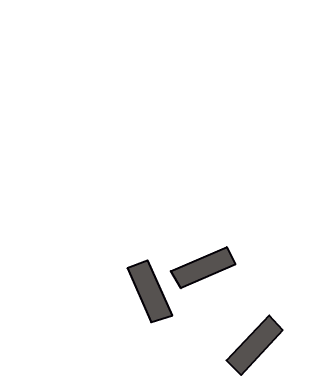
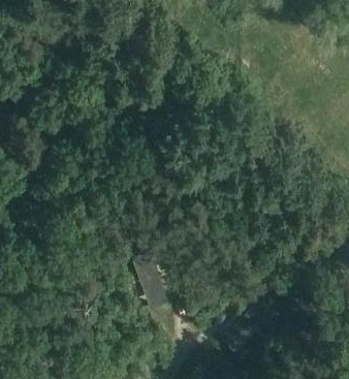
building: [171,247,235,288] -> none

